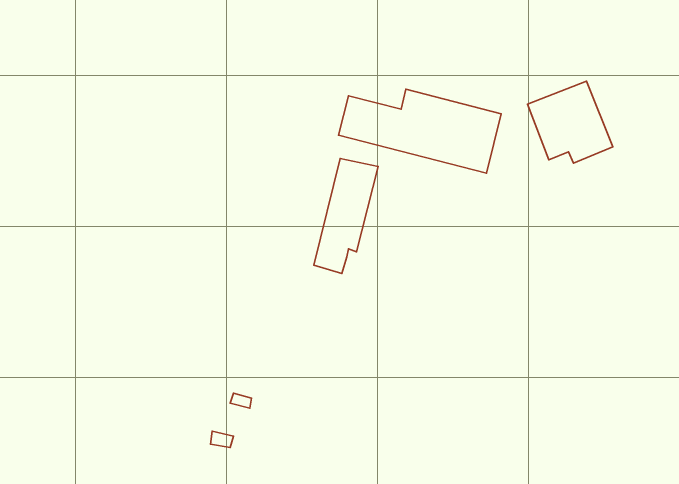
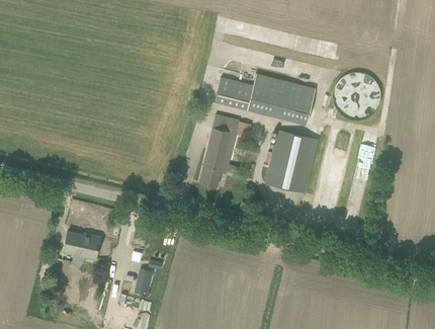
building: none -> [265,132,317,193]
building: none -> [63,232,100,257]

